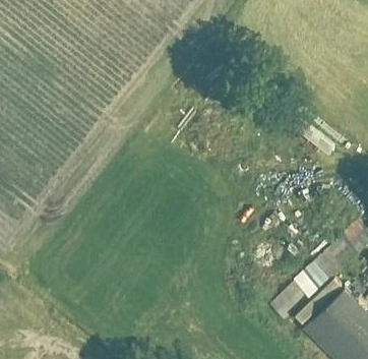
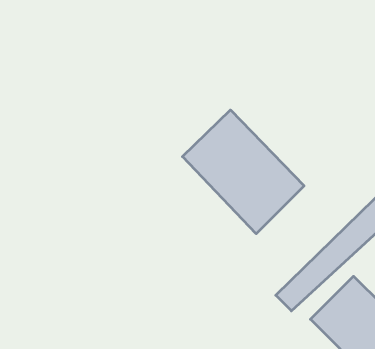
building: none -> [182,110,304,234]

